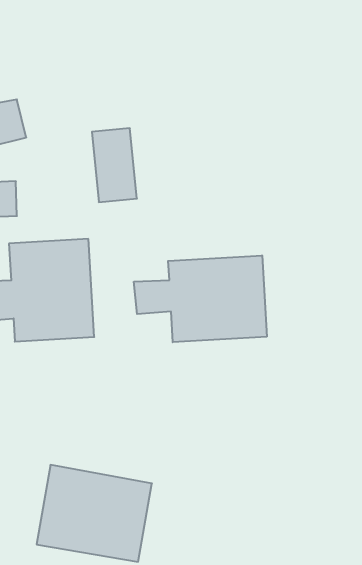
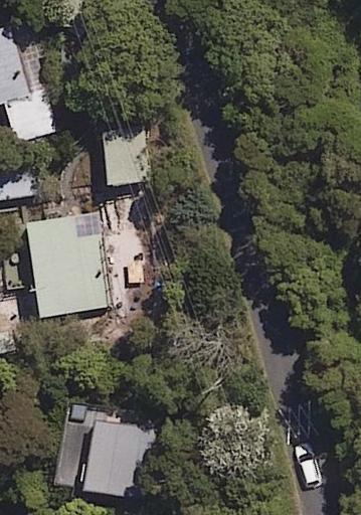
building: [134,255,267,342] -> none

